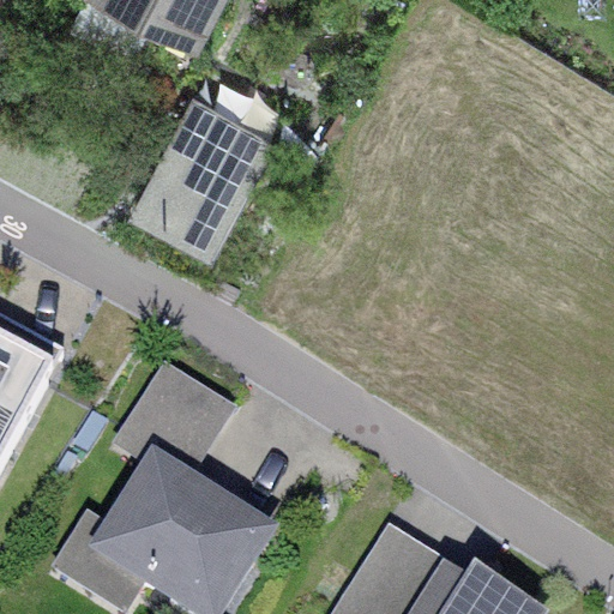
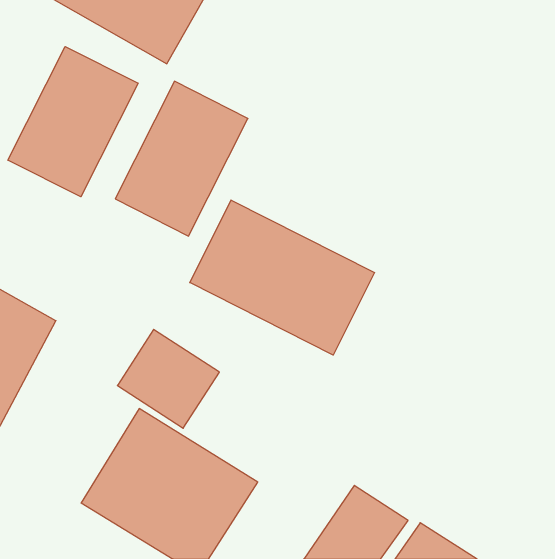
building: none -> [8,47,138,197]
building: none -> [190,200,375,355]

